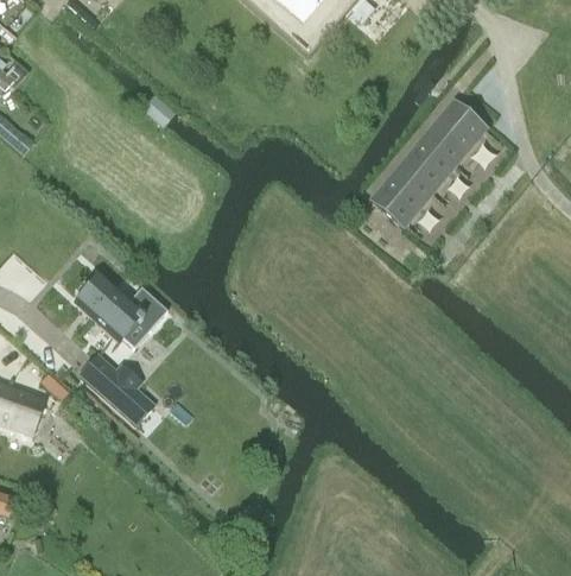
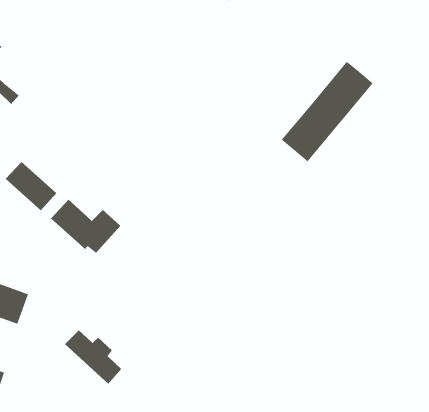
building: none -> [5,161,57,211]
building: [78,352,153,423] -> [64,329,122,385]

